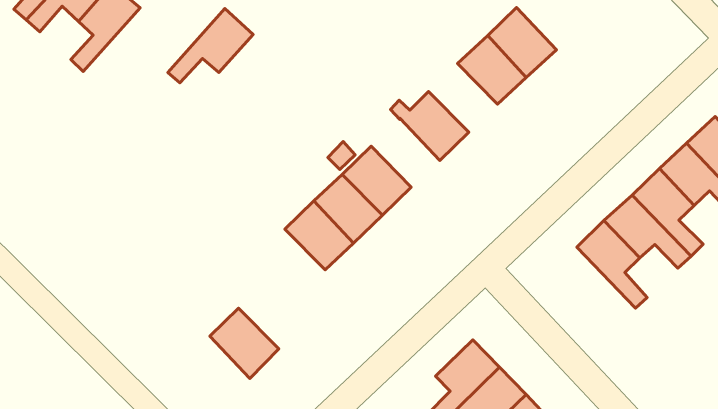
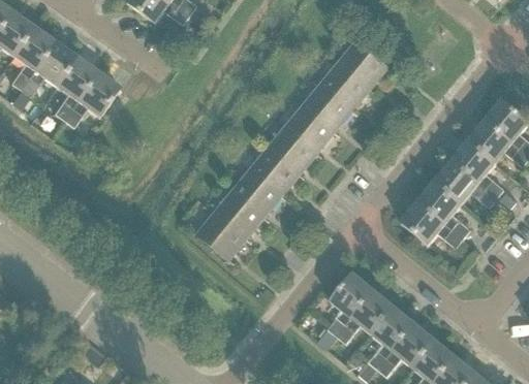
building: [168,9,253,83] -> [63,71,119,126]
building: none -> [303,84,351,130]
building: none -> [268,126,316,172]
building: none -> [401,200,463,247]
building: [210,308,279,378] -> [197,212,246,259]

